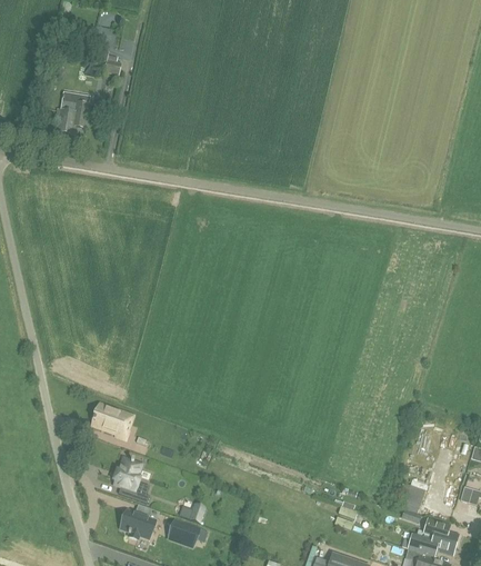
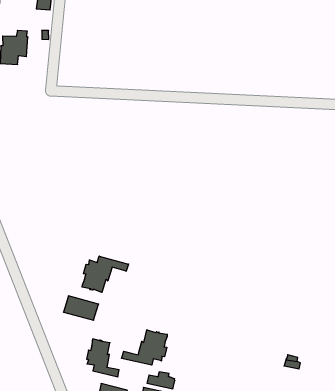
building: none -> [82,256,129,292]
building: none -> [122,330,167,365]

